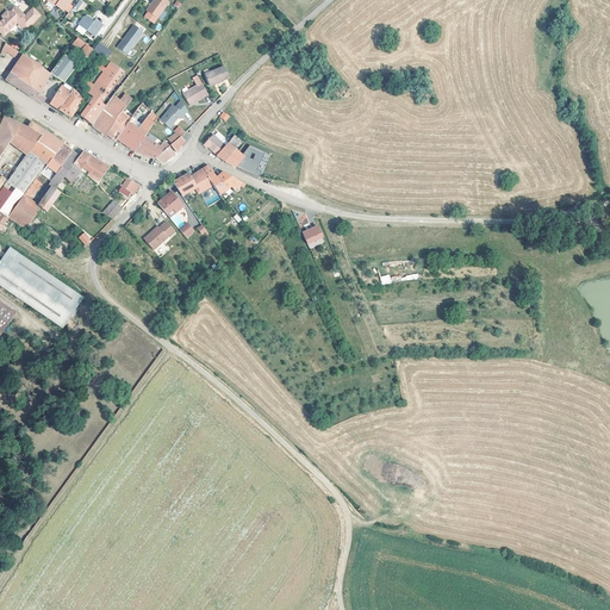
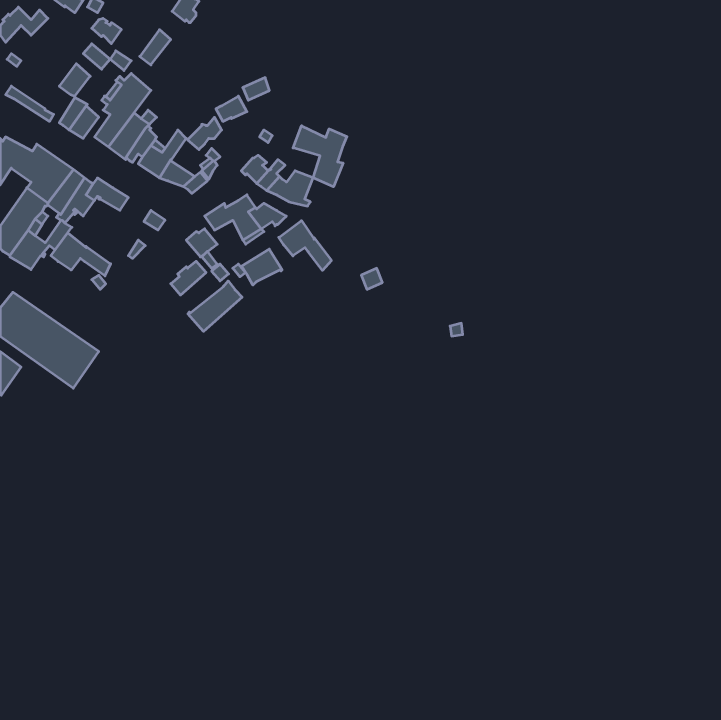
building: [10,54,50,92] -> none
building: none -> [293,126,347,187]
building: none -> [279,221,331,270]
building: none -> [51,233,111,276]
building: none -> [241,249,282,285]
building: none -> [188,281,242,331]

